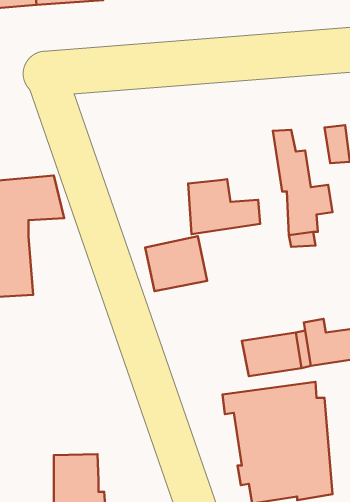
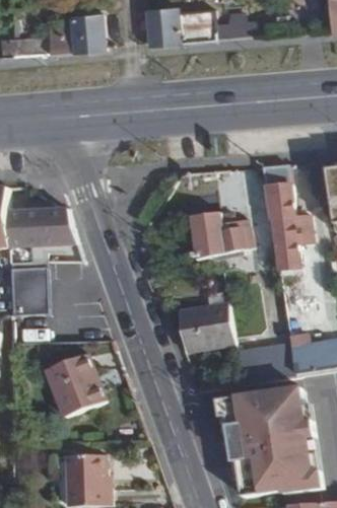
building: [145,236,207,291] -> [175,304,229,353]
building: none -> [44,349,104,413]

